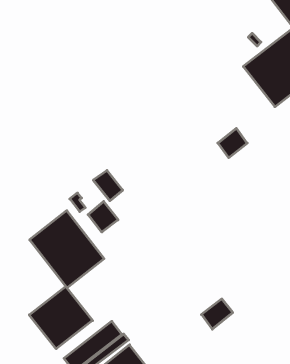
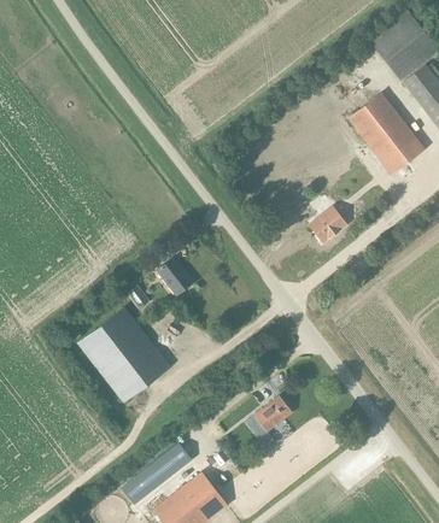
building: [88,201,118,232] -> none
building: [29,286,93,349] -> none
building: [201,299,233,329] -> [253,394,292,431]

